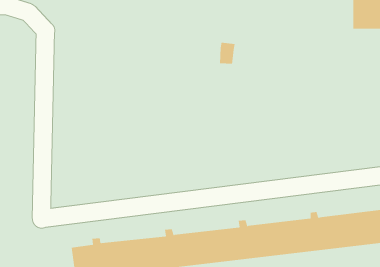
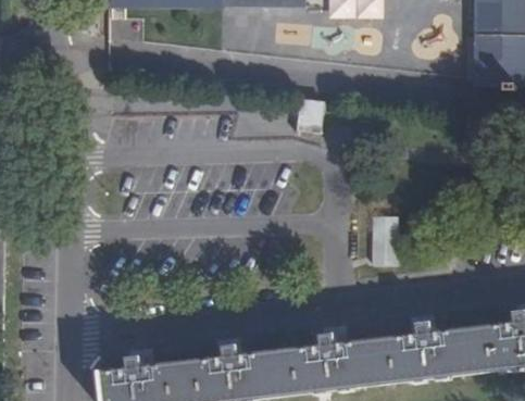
building: none -> [373,213,399,262]

